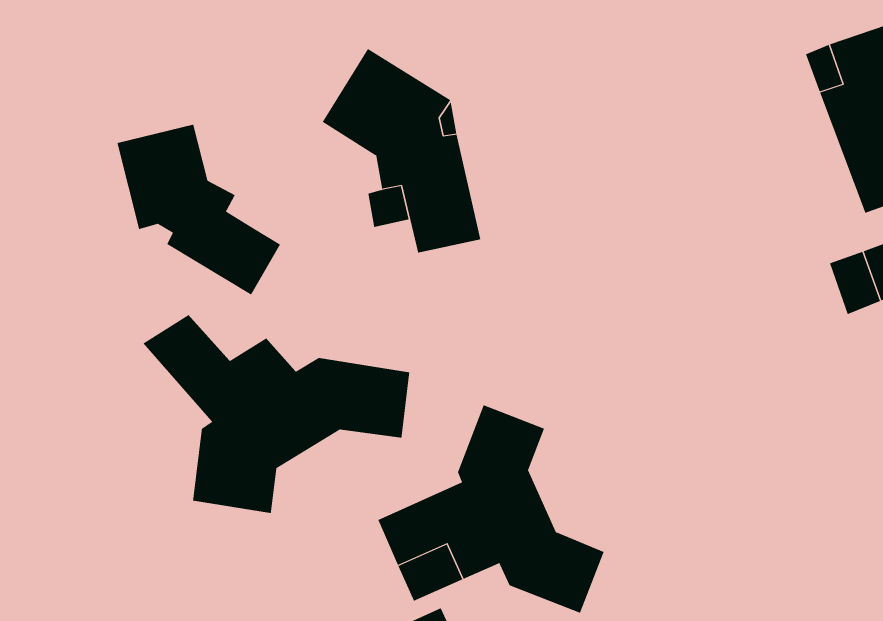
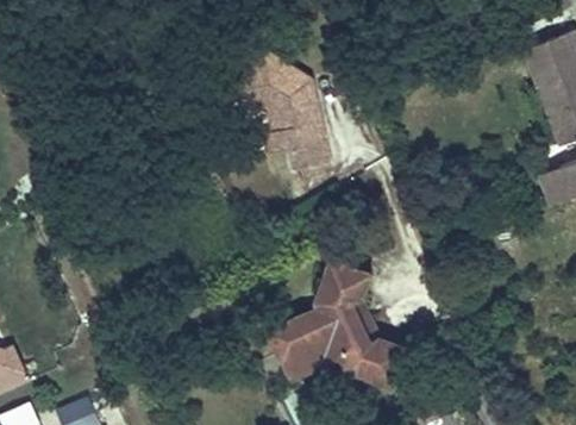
building: [117,124,281,295] -> none
building: [142,314,410,514] -> none

